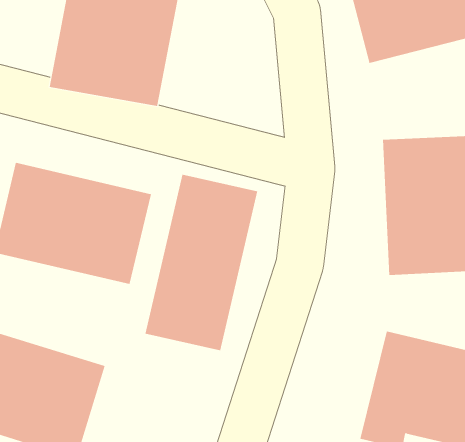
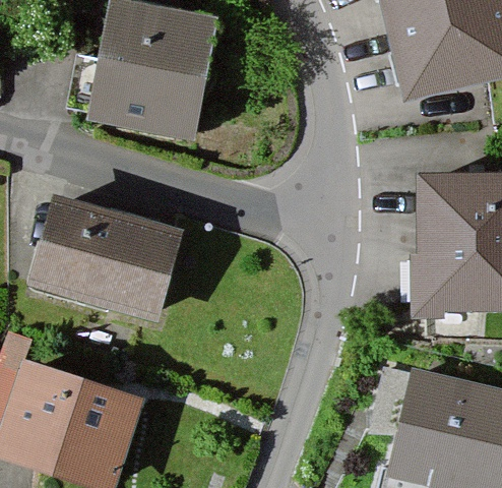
building: [145,174,258,351] -> none

